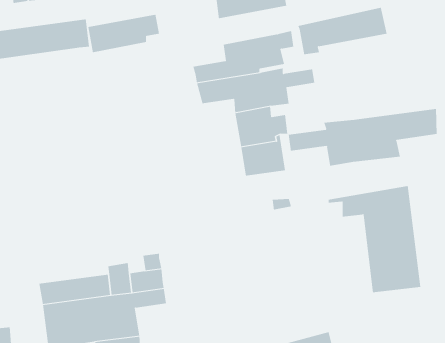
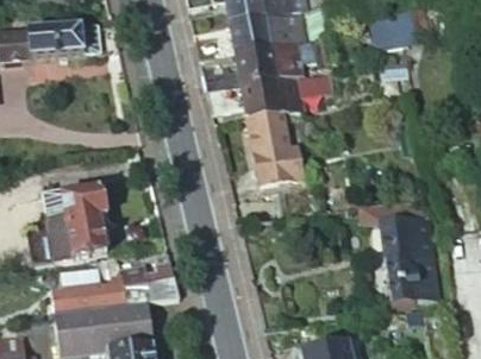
building: [87,14,160,53] -> [232,11,306,50]
building: [288,108,437,166] -> none
building: none -> [40,184,105,259]

